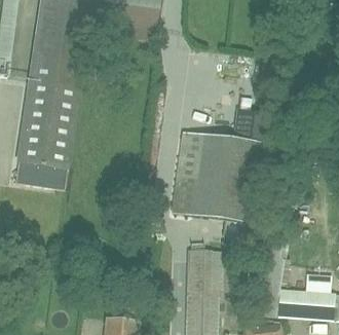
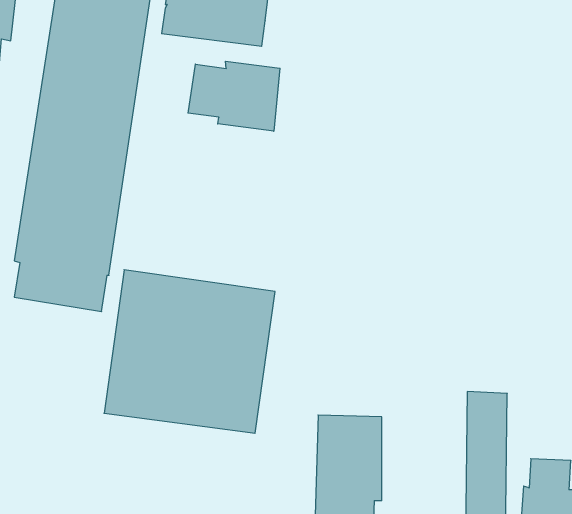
building: none -> [188,61,280,131]
building: [171,131,267,223] -> [104,270,275,433]

